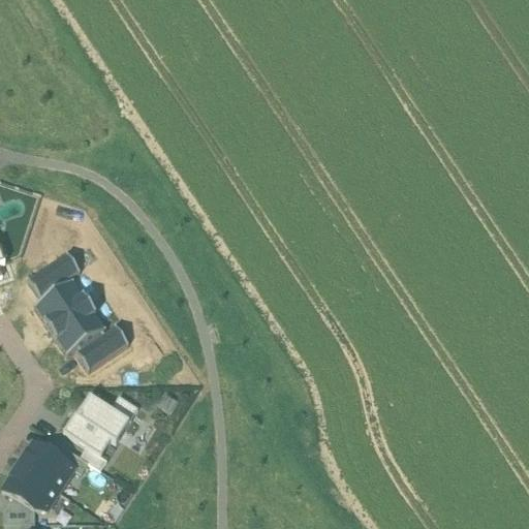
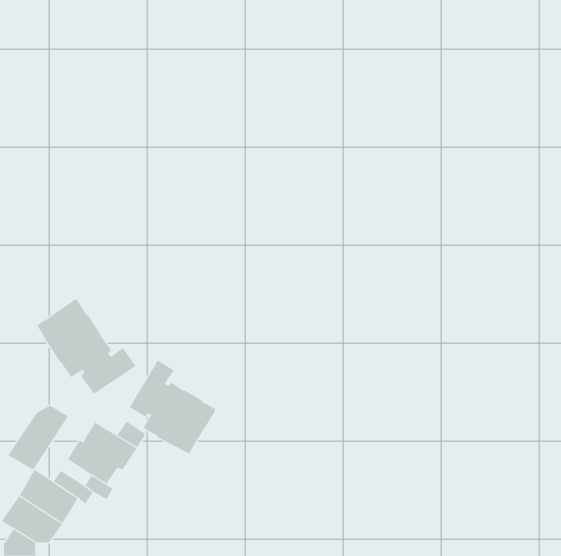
building: [28,254,80,300] -> none
building: none -> [129,360,216,454]
building: none -> [8,405,69,471]

